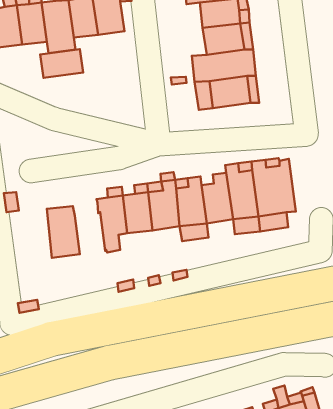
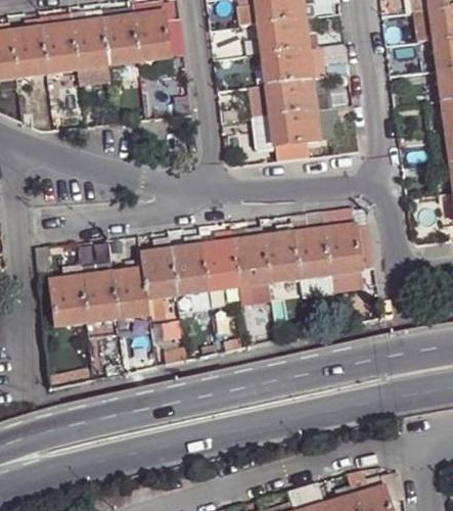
building: [40,49,83,78] -> none
building: none -> [111,261,147,321]
building: none -> [48,268,85,329]

